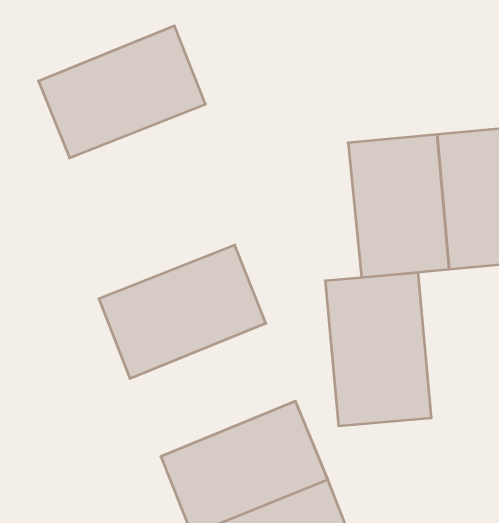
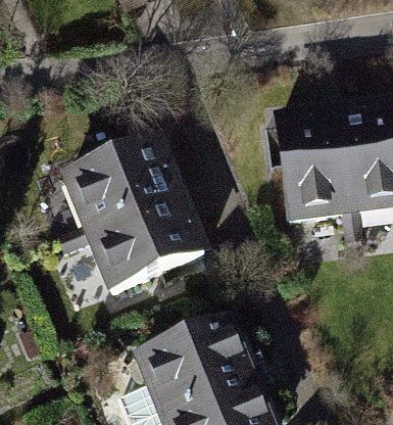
building: [38,26,206,158] -> [59,135,186,235]
building: [325,272,431,426] -> none

